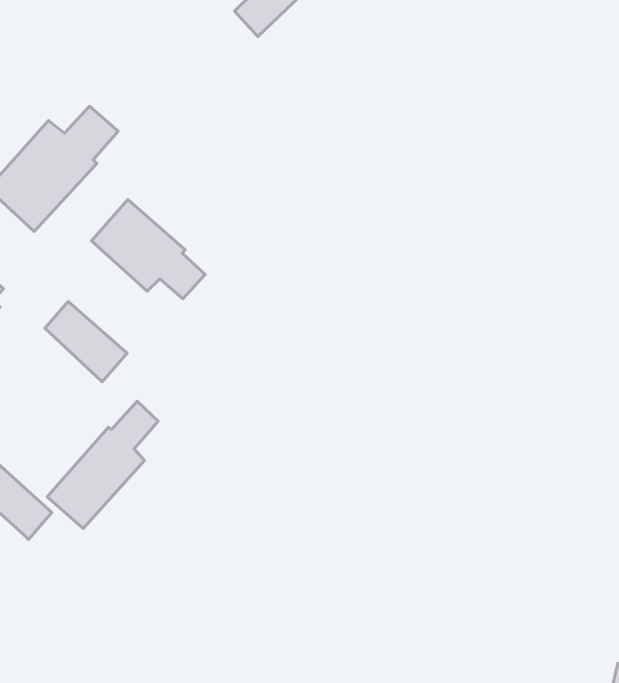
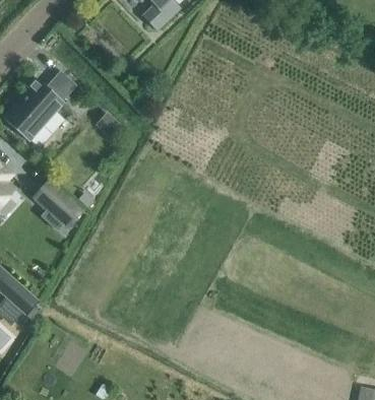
building: [92,199,205,299] -> none
building: [47,401,158,529] -> none

